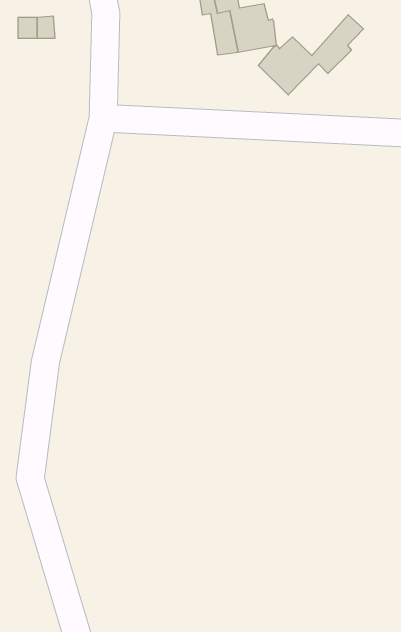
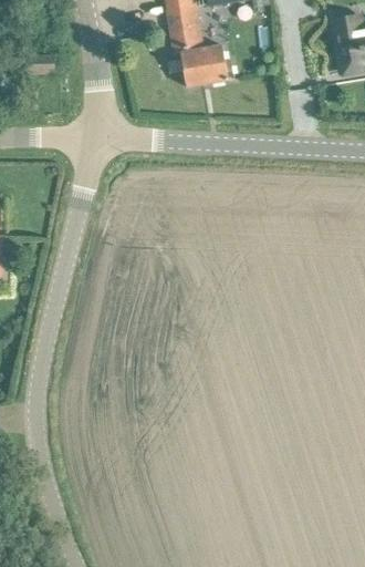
building: [258,15,364,95] -> none

